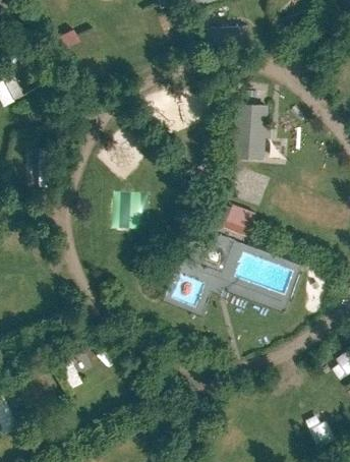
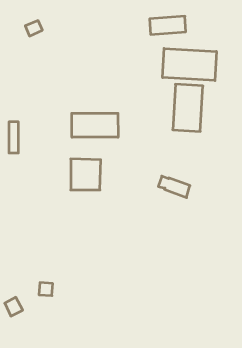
building: none -> [163,48,216,81]
building: none -> [72,113,118,137]

